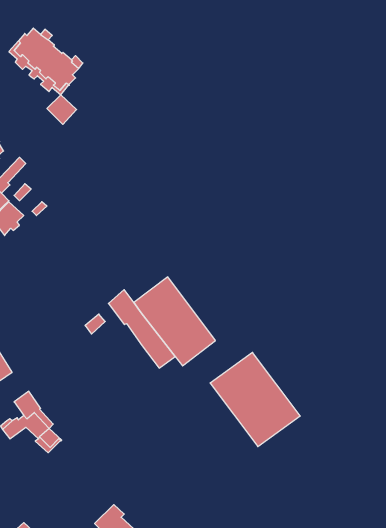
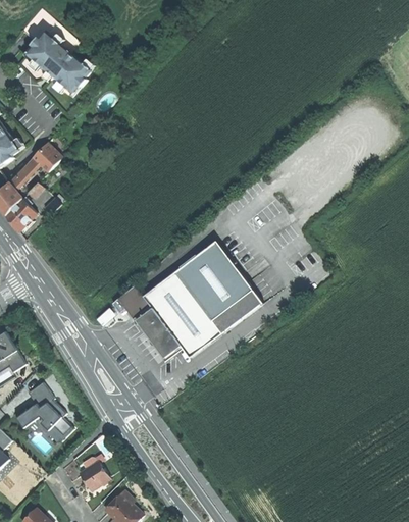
building: [47,95,77,124] -> [33,143,61,171]
building: [210,352,300,447] -> [175,242,262,332]
building: none -> [80,461,109,489]

